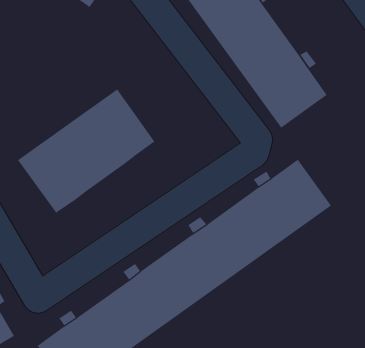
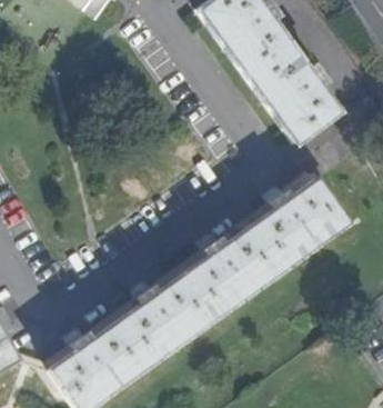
building: [17,88,155,214] -> none

